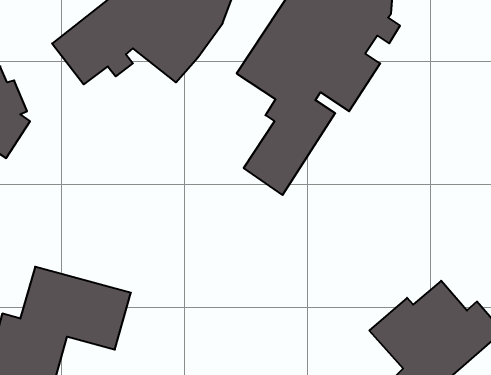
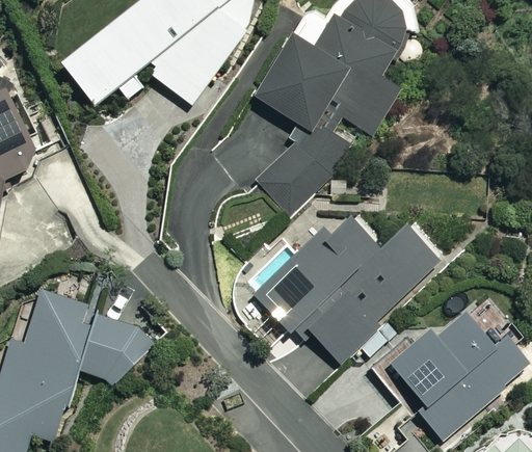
building: none -> [243,209,444,360]

